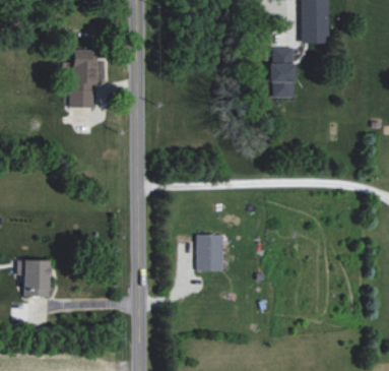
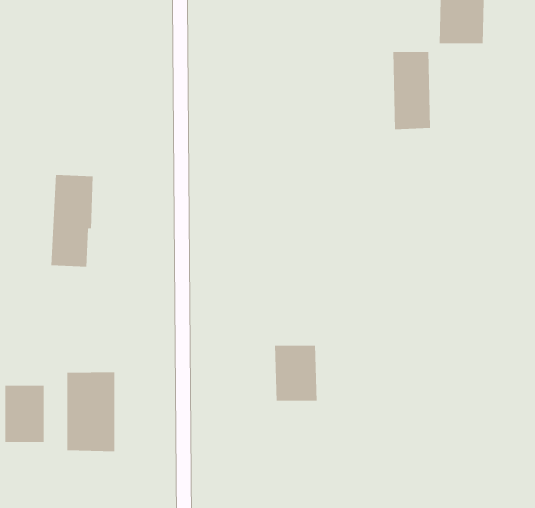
building: [70,50,98,109] -> [50,175,94,267]
building: none -> [67,372,115,452]

